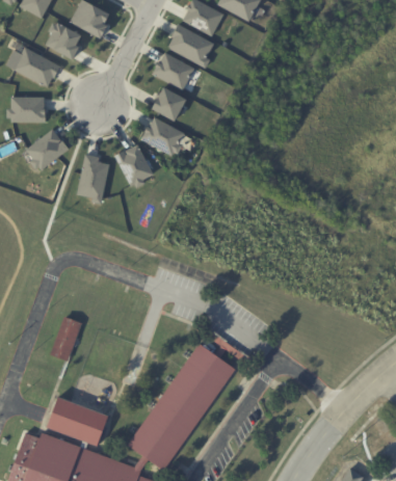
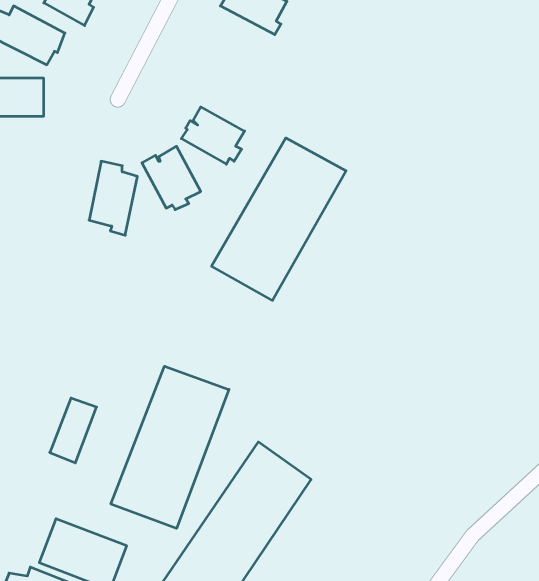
building: [153,52,195,90] -> none
building: [152,86,187,122] -> none
building: [27,129,71,170] -> none
building: none -> [212,138,346,300]
building: none -> [111,366,229,528]

